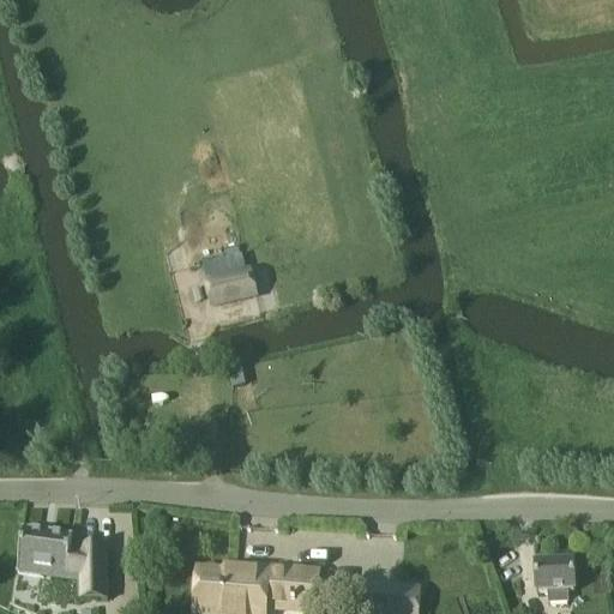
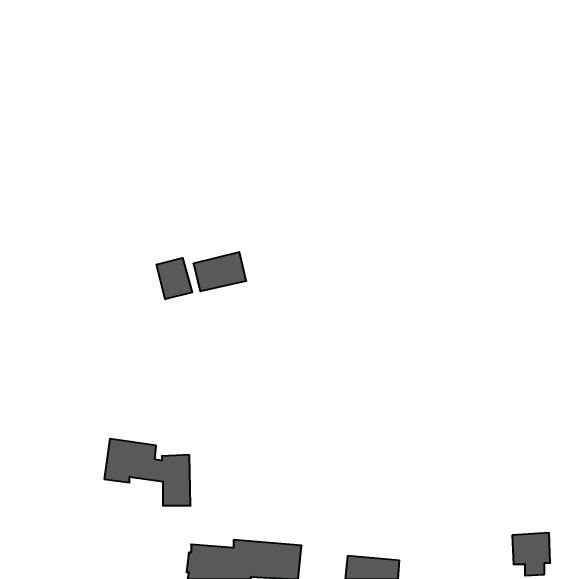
building: none -> [157,258,192,299]
building: [17,526,107,596] -> [104,439,191,506]

